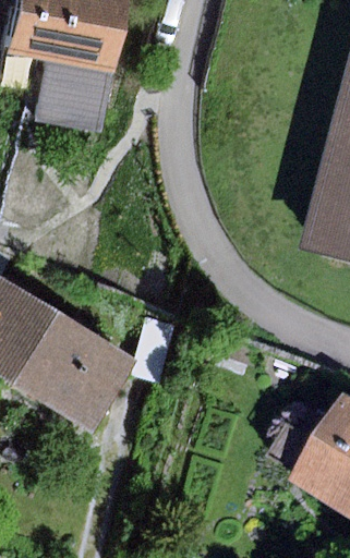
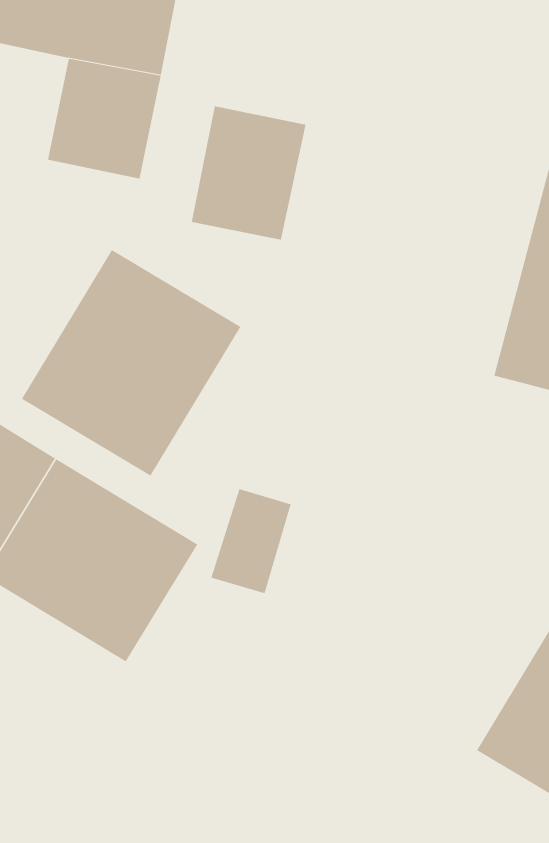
building: none -> [191,106,306,241]
building: none -> [21,249,241,476]

